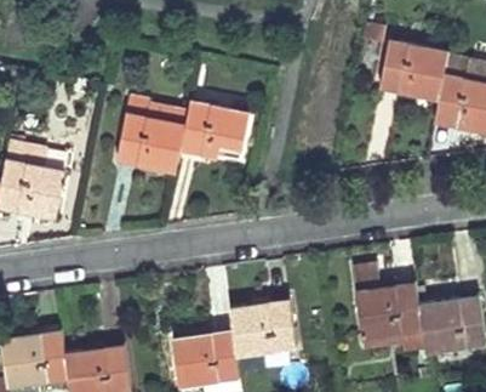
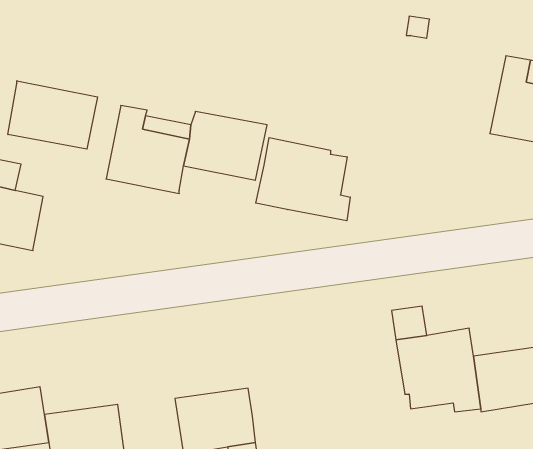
building: [379,40,447,98] -> none
building: none -> [8,81,98,149]
building: none -> [256,138,350,221]
building: [230,300,297,356] -> none

